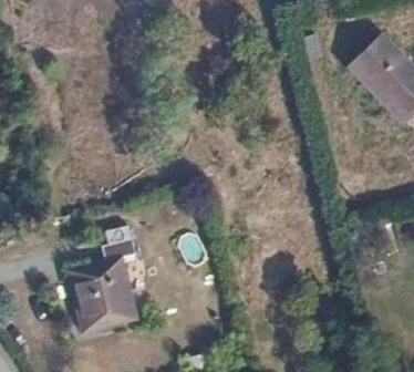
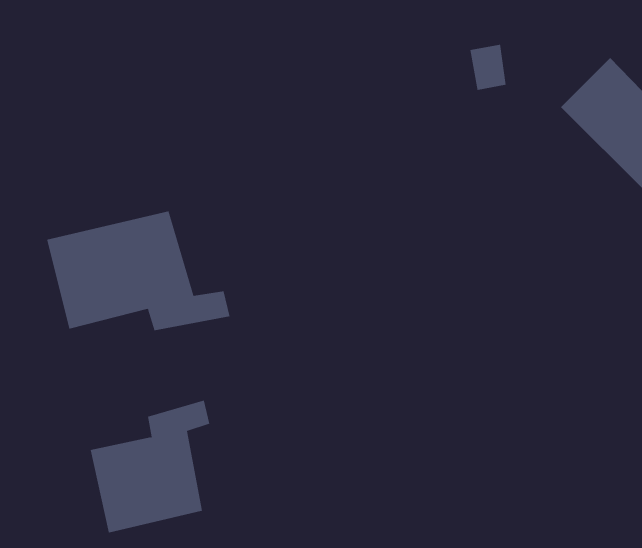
building: none -> [46,210,230,331]

